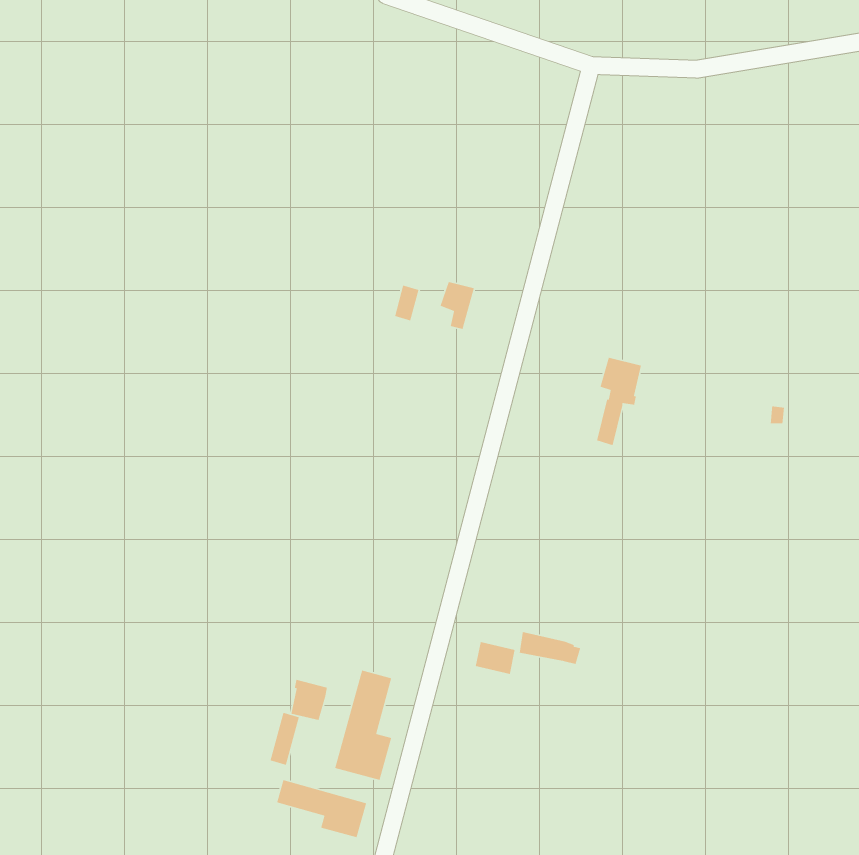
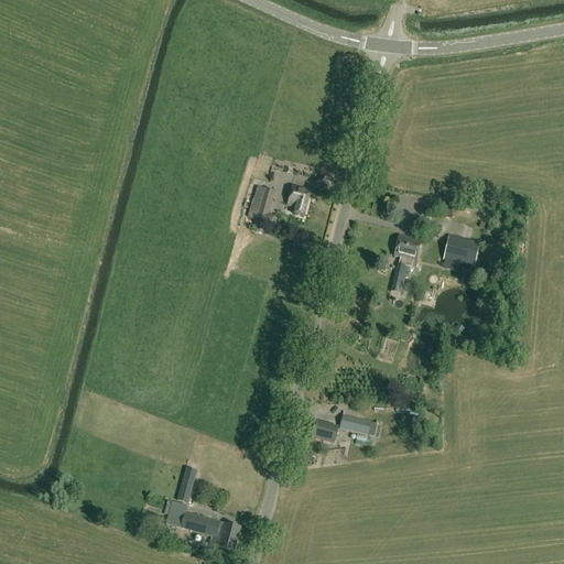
building: none -> [442,235,479,270]
building: [334,670,392,781] -> none
building: [291,679,328,721] -> [162,498,186,525]

